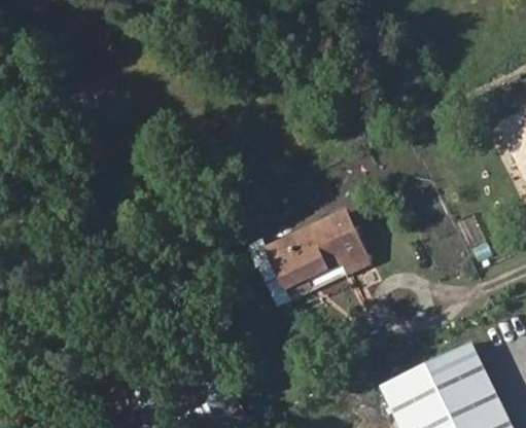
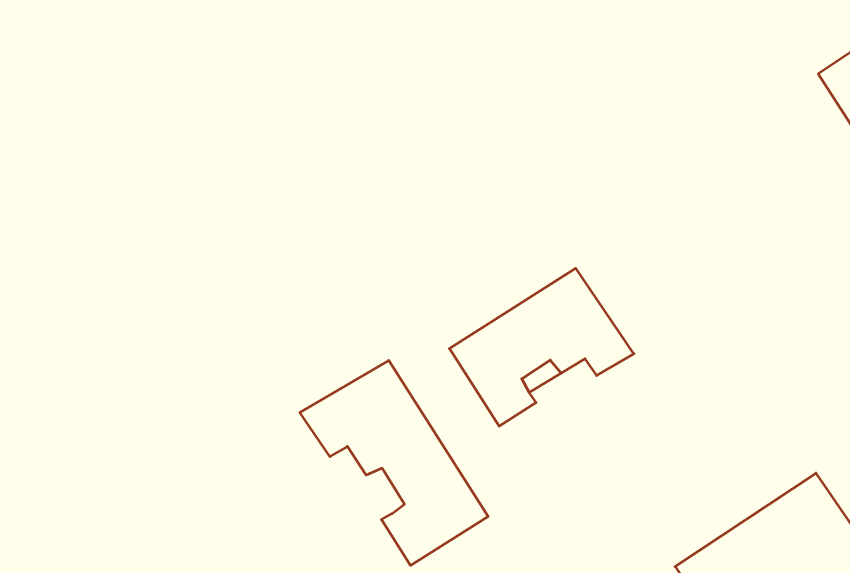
building: none -> [300,360,488,565]

